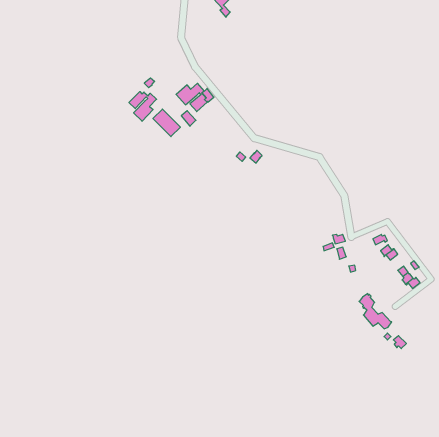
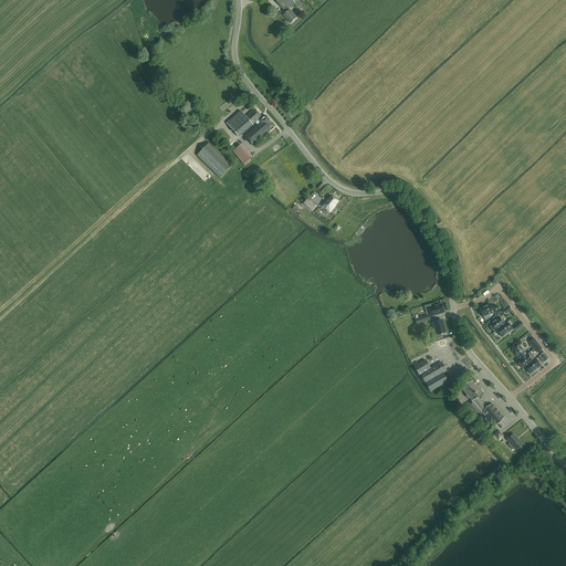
building: [129,92,157,121] -> none
building: none -> [412,358,448,389]

